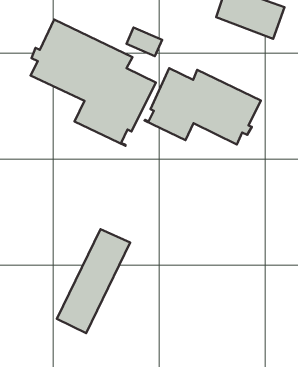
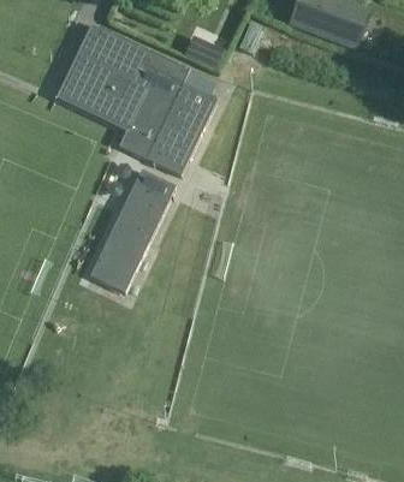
building: [144,68,261,144] -> none
building: [57,229,130,333] -> [88,168,174,291]

